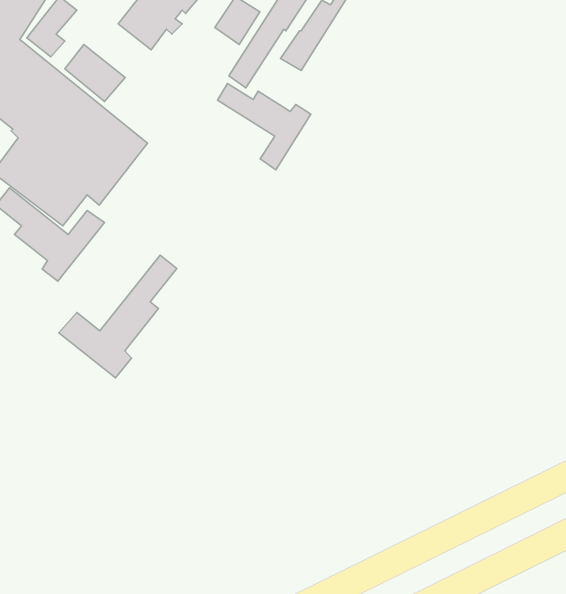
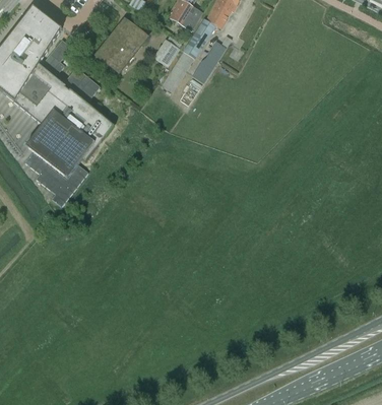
building: [217,84,311,170] -> none
building: [59,255,177,378] -> none

